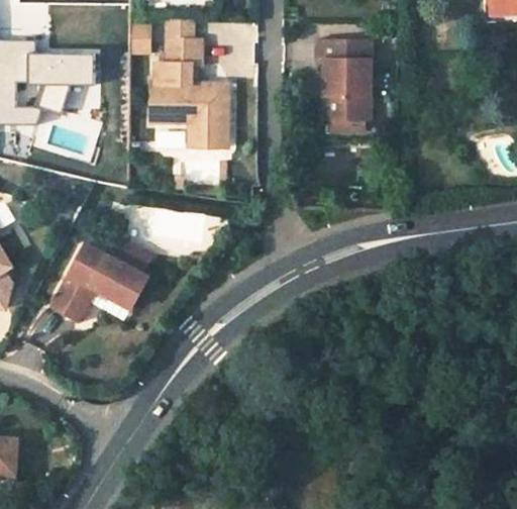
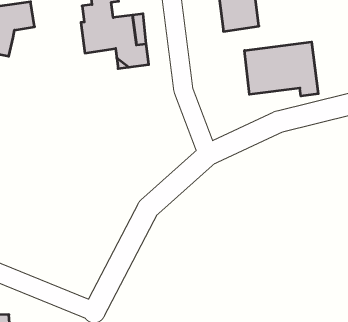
building: none -> [245,42,318,96]
building: [54,246,148,323] -> none

